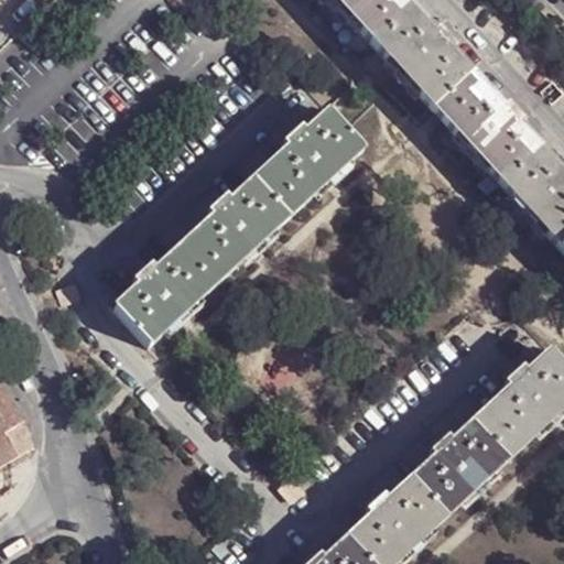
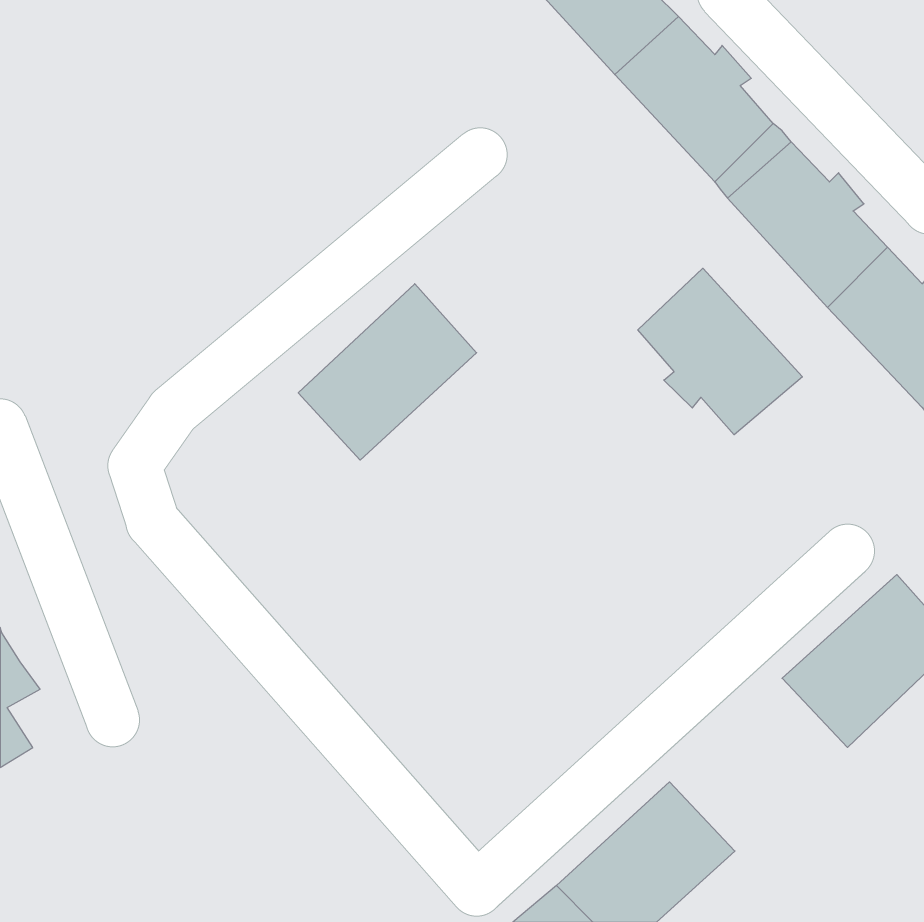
building: [254,107,364,214] -> none
building: none -> [638,268,802,435]
building: [112,238,221,345] -> none
building: [409,411,517,516] -> none

